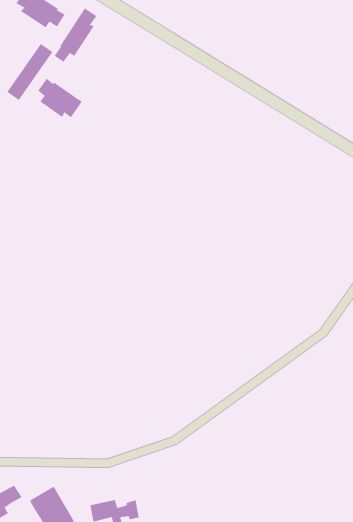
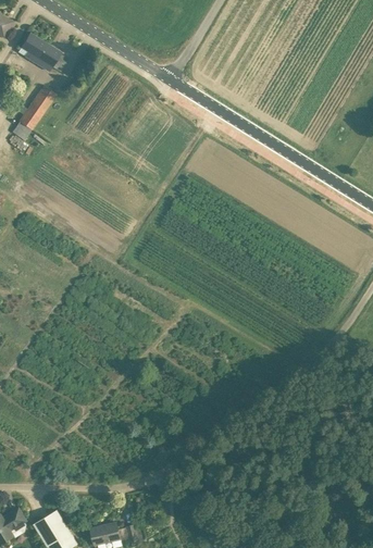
building: [54,7,97,63] -> none
building: [38,78,83,118] -> none

